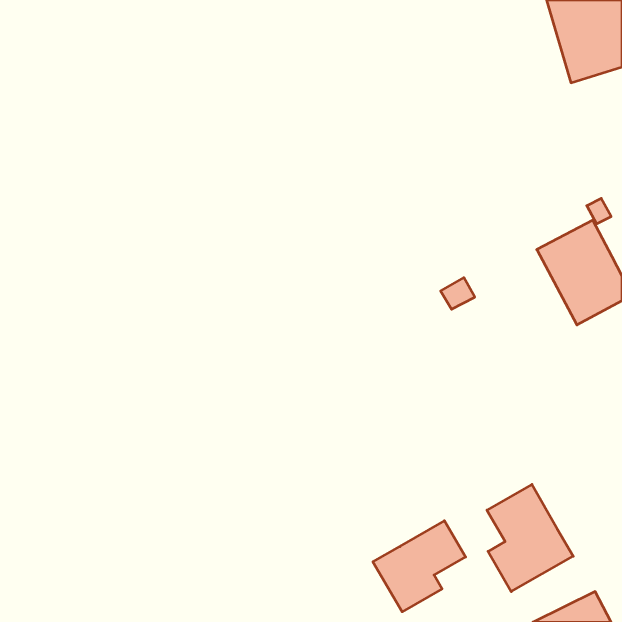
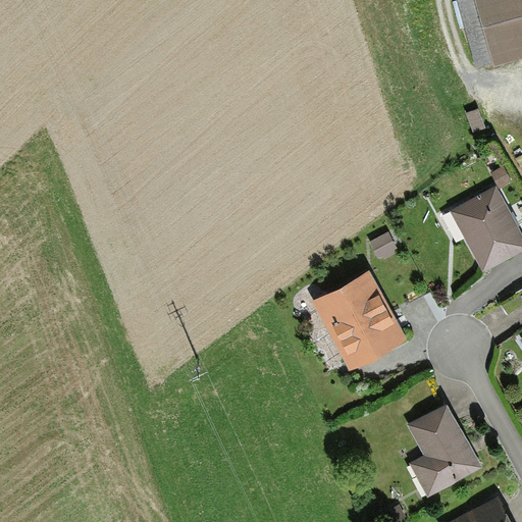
building: none -> [311,270,409,373]
building: [373,521,466,612] -> none

